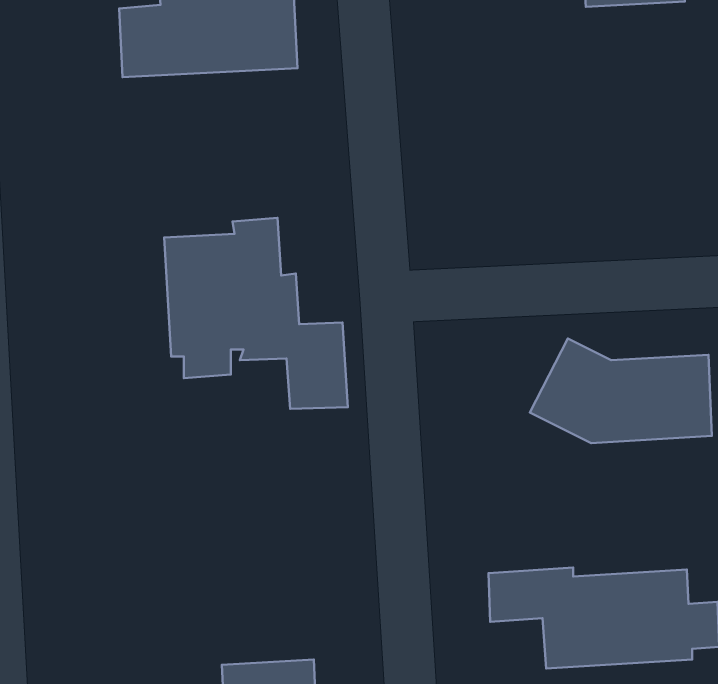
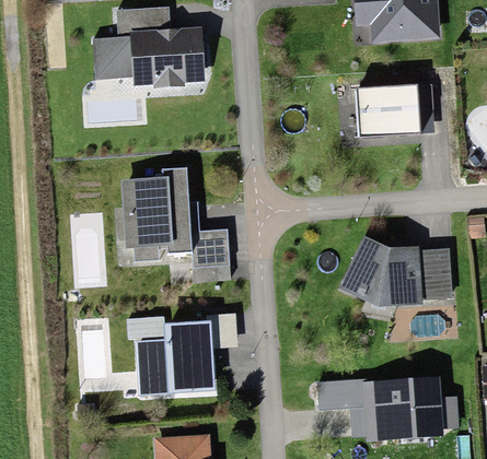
building: none -> [358,83,436,137]
building: none -> [128,316,216,395]

